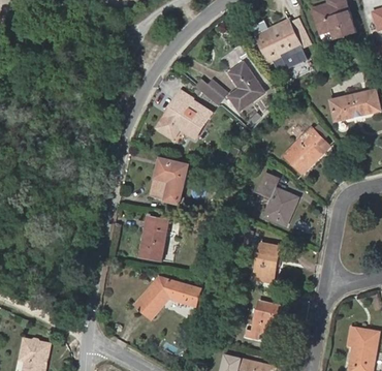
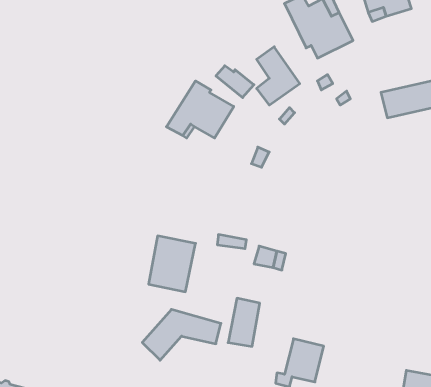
building: [284,128,329,174] -> none
building: [152,159,188,204] -> none
building: [258,174,297,225] -> none
building: [253,243,279,282] -> [228,298,260,346]

